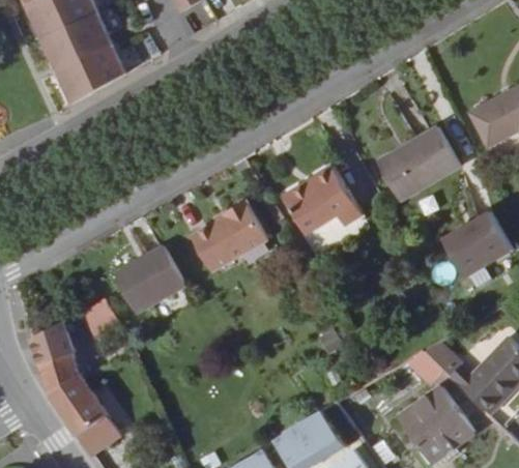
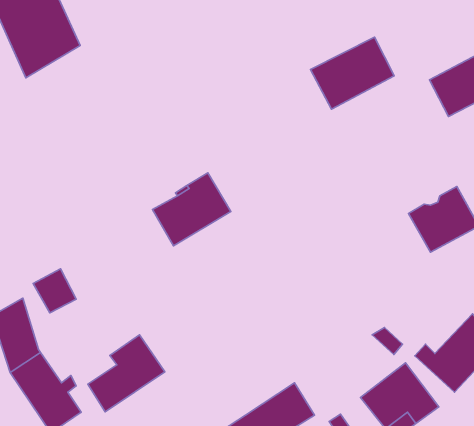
building: [379,133,462,204] -> [311,37,394,109]
building: [288,166,366,231] -> none
building: [115,243,186,309] -> none
building: none -> [88,335,165,412]

